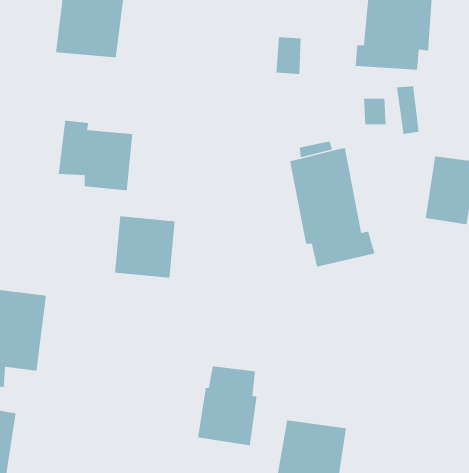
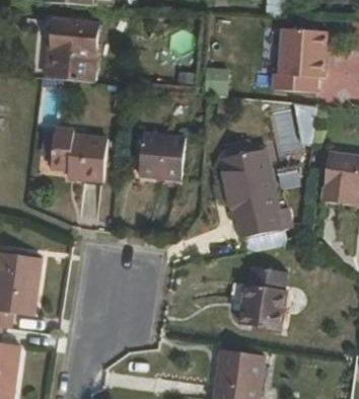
building: [114,216,176,278] -> [139,133,185,179]
building: [197,365,257,446] -> [240,267,285,327]

